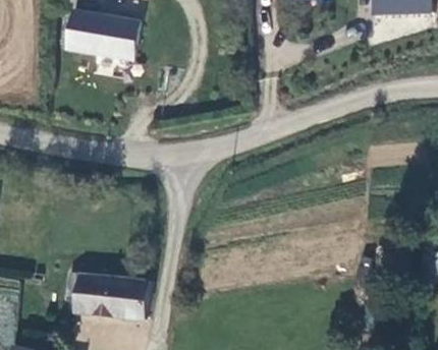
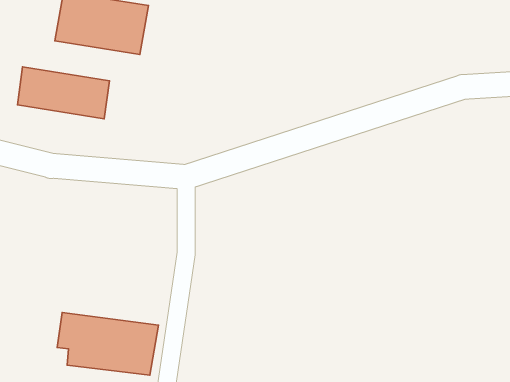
building: none -> [17,67,110,119]

